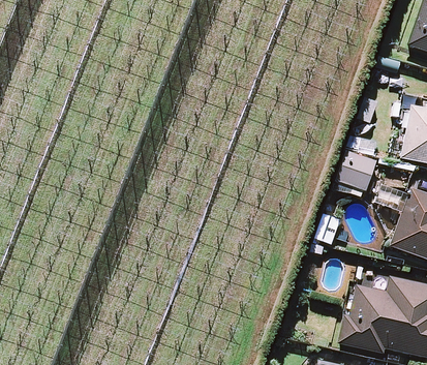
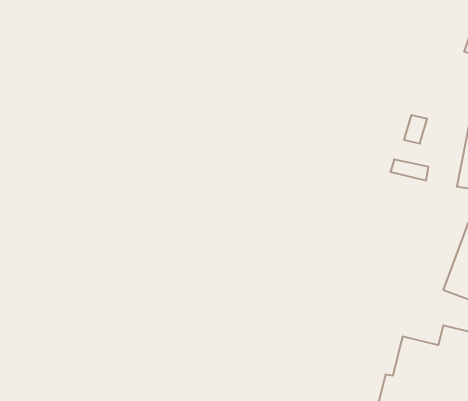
building: [336,151,375,190] -> none

